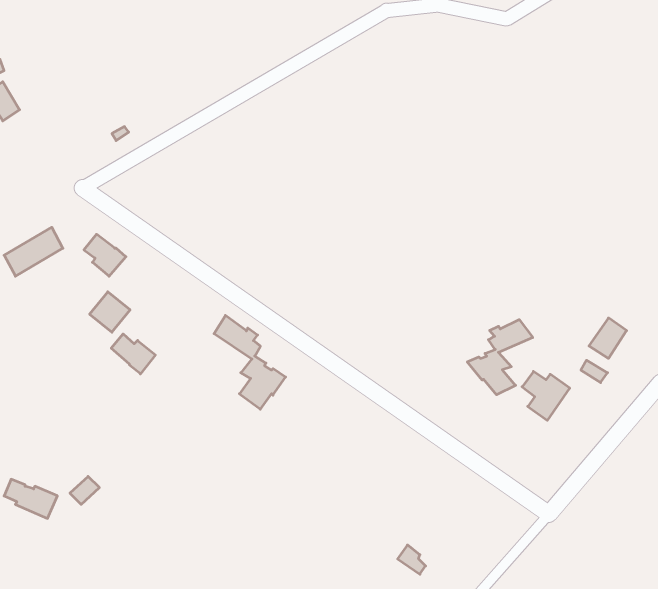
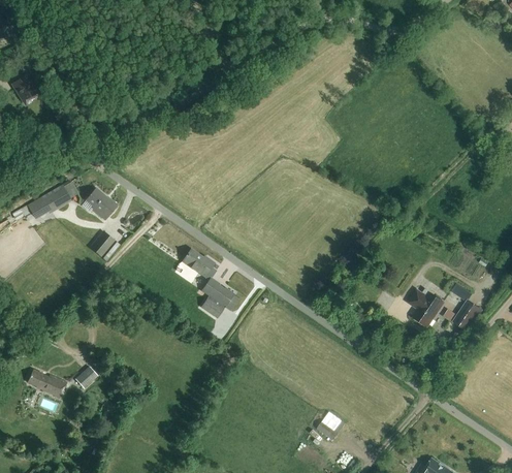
building: [589,318,627,358] -> [453,301,481,330]
building: [467,320,533,395] -> none
building: [111,334,155,374] -> none

